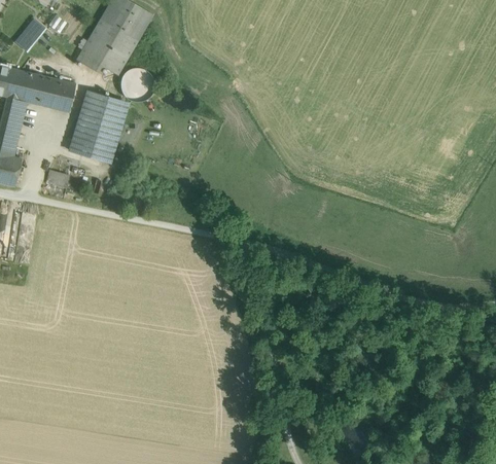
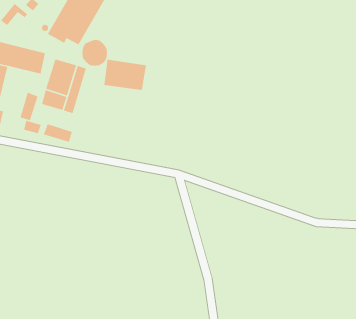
building: none -> [103,59,147,91]
building: none -> [19,92,38,121]
building: none -> [43,123,73,143]

